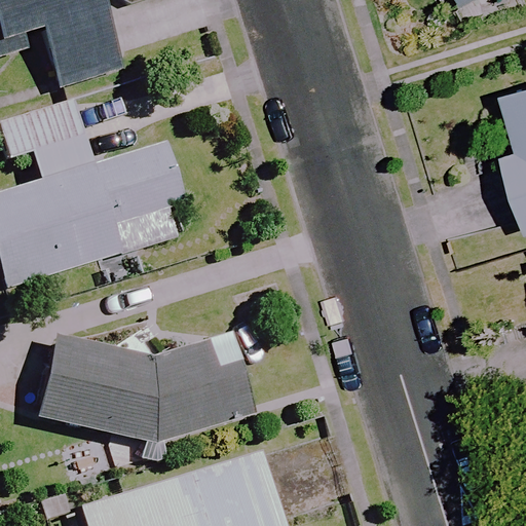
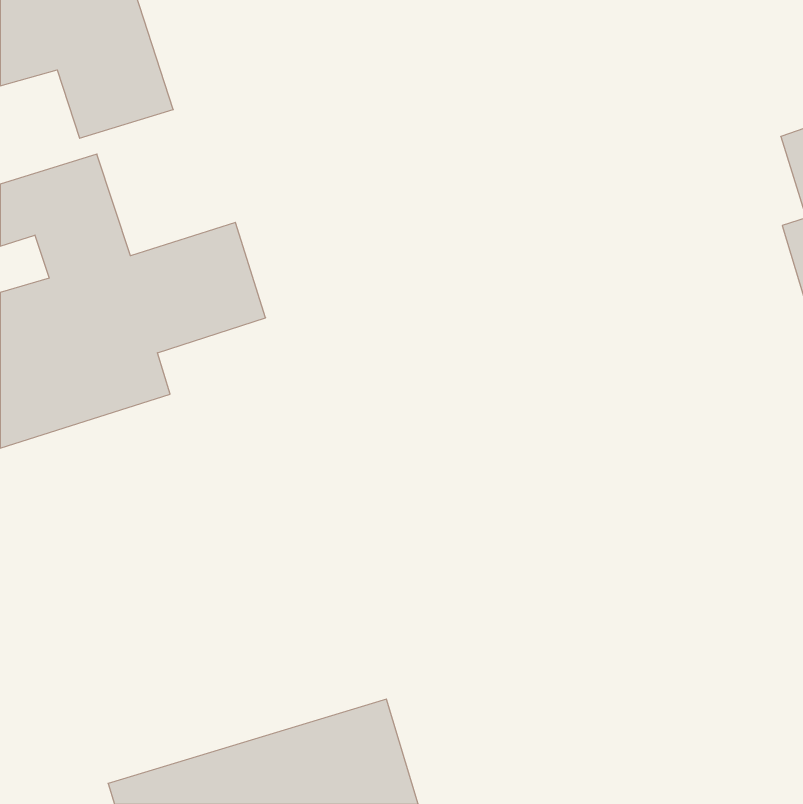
building: [38,329,251,456] -> none

